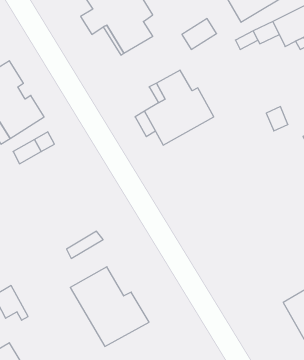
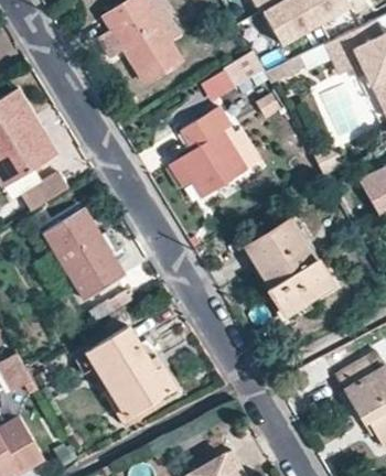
building: none -> [42,210,114,300]
building: none -> [246,219,334,313]

